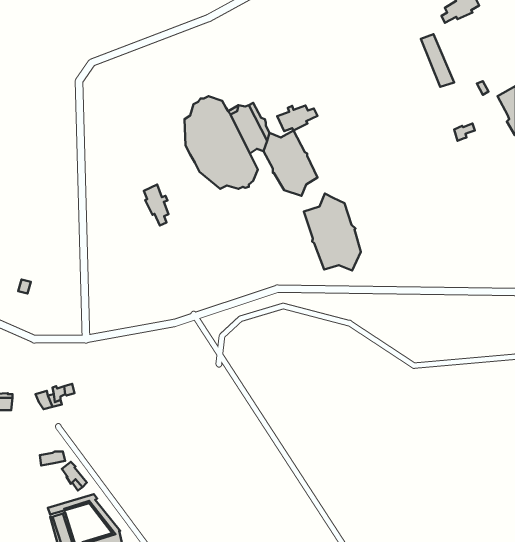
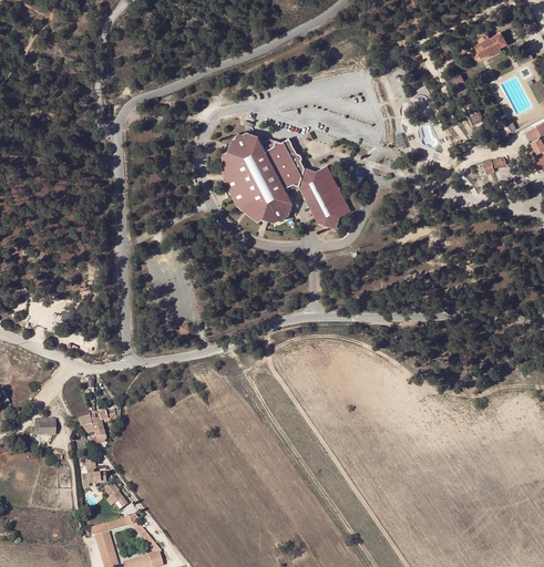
building: [277,106,317,131] -> none
building: [144,185,169,225] -> none
building: [304,193,361,271] -> none

